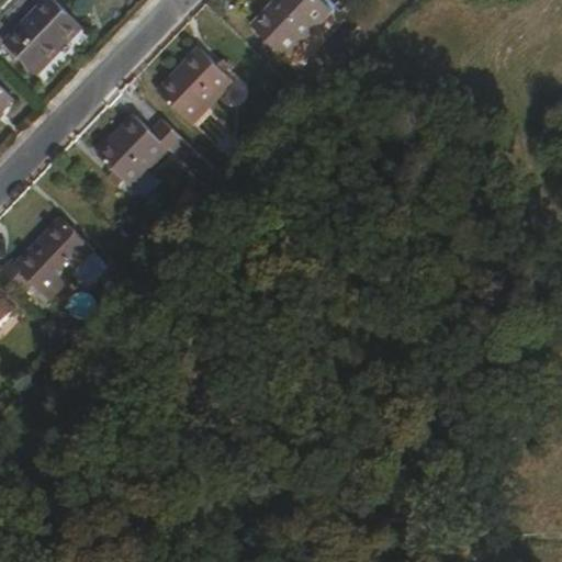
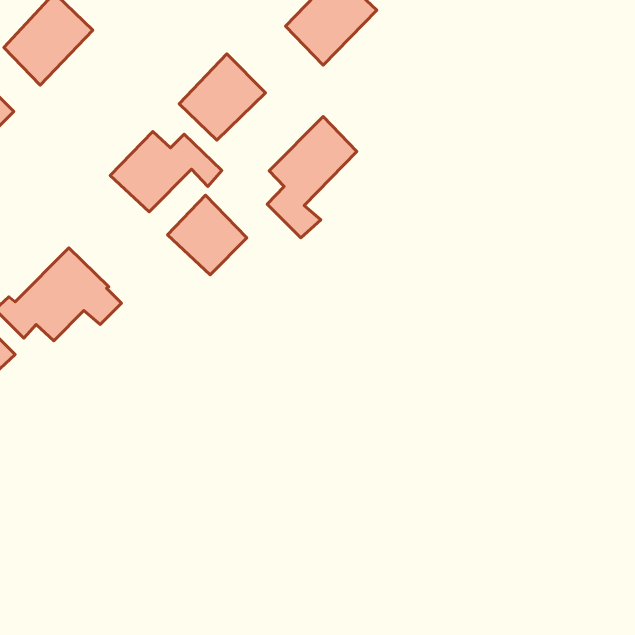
building: none -> [267,117,357,238]
building: none -> [167,195,247,275]

